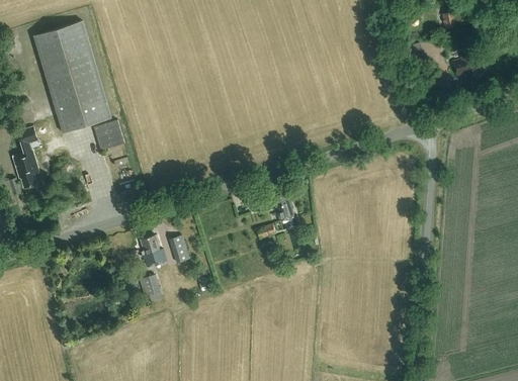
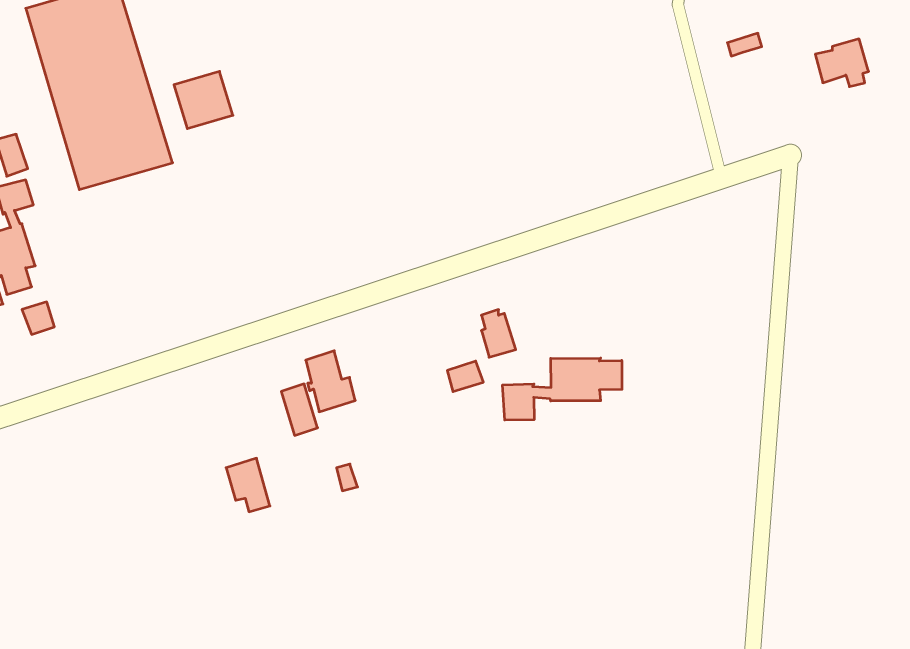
building: [93,120,124,151] -> [174,71,233,129]
building: none -> [503,358,622,420]
building: [140,234,166,267] -> [306,351,355,412]

